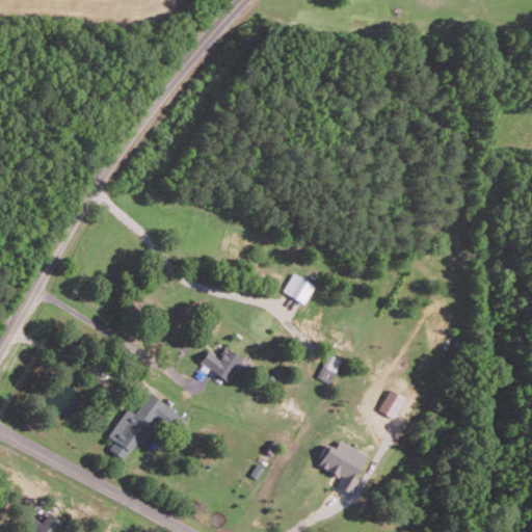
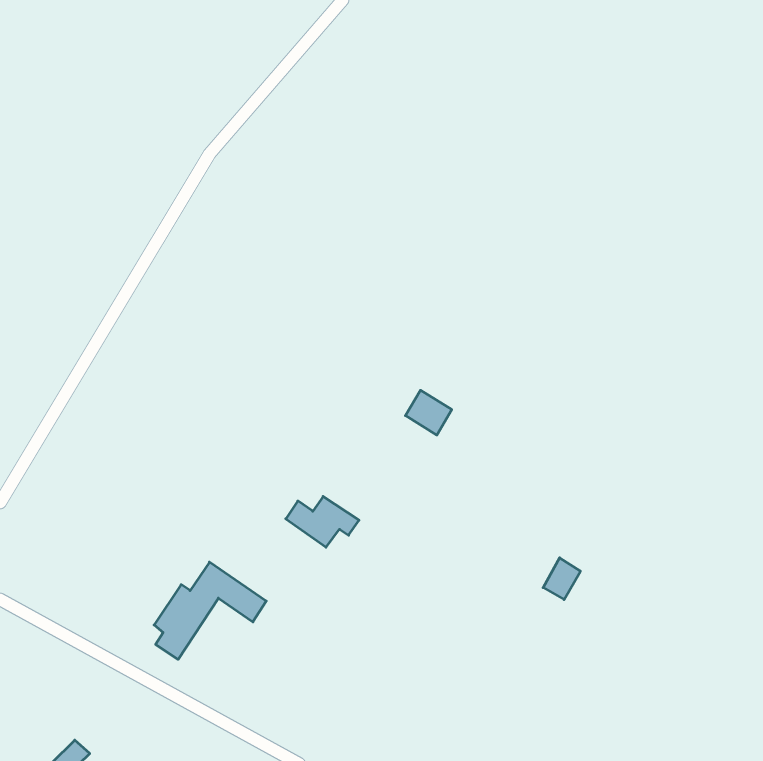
building: [317,354,341,384] -> none
building: [316,441,369,494] -> none

